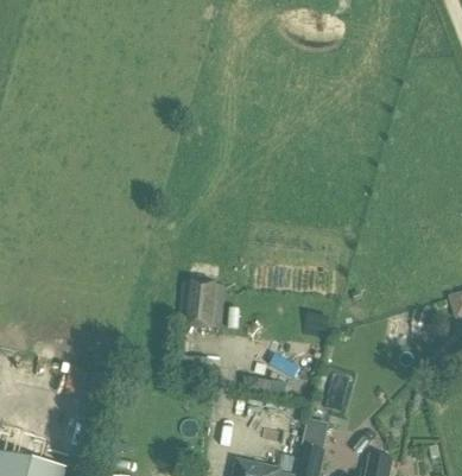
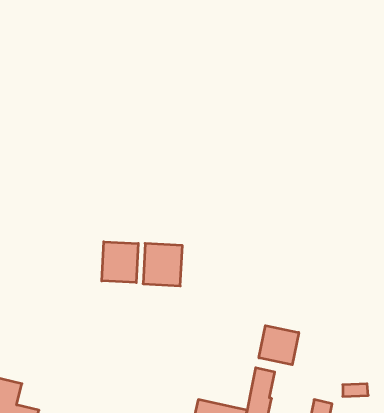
building: none -> [102,242,138,283]
building: none -> [259,326,299,365]

